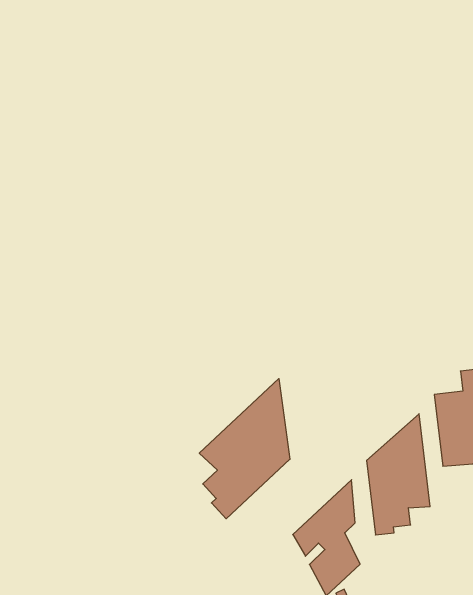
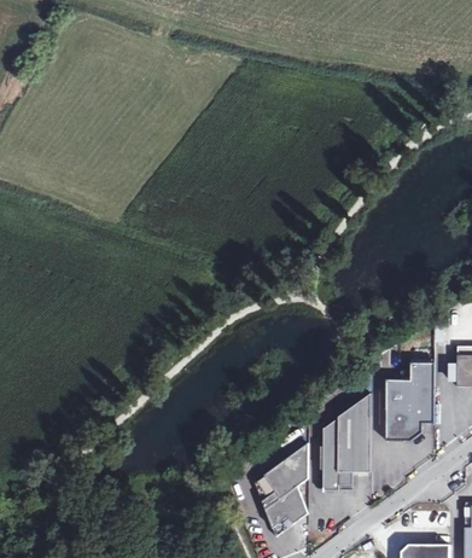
building: [199,379,290,519] -> none

